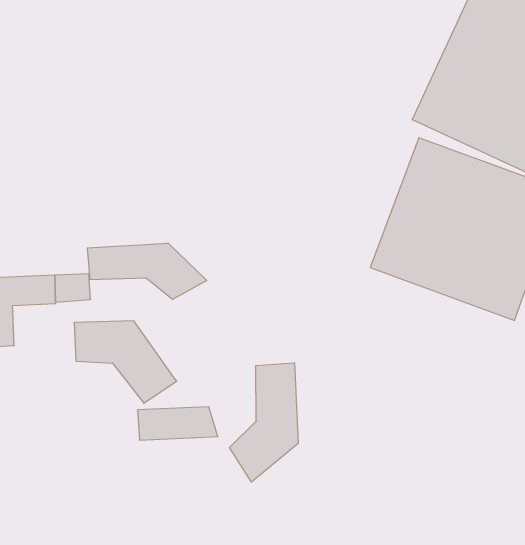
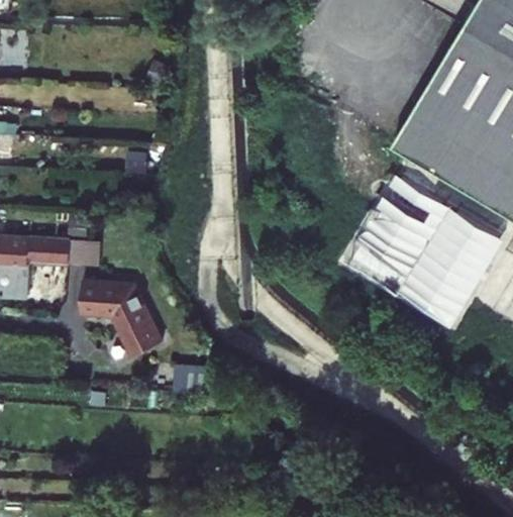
building: [87,243,207,300] -> none
building: [229,363,298,482] -> none

